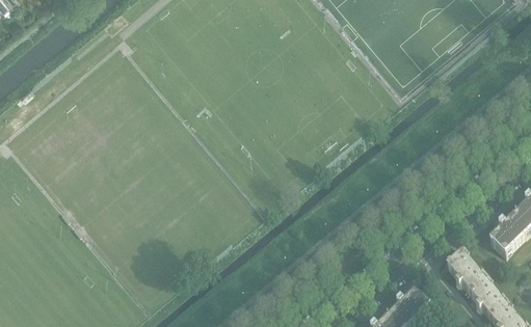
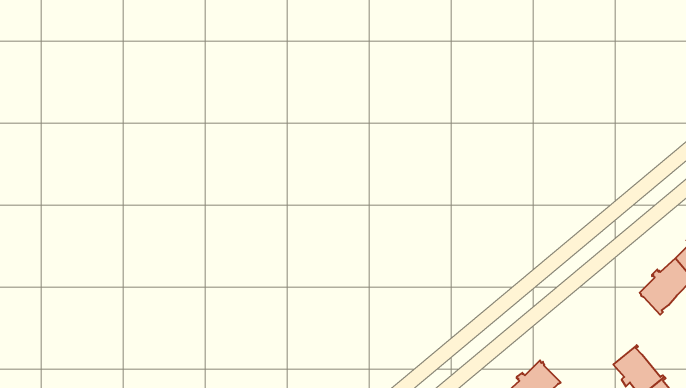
building: [443,246,484,290] -> none

